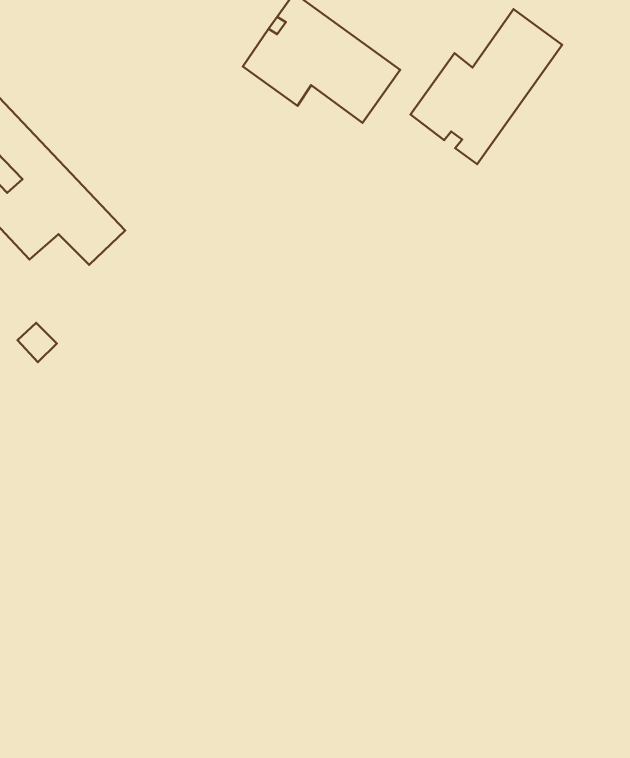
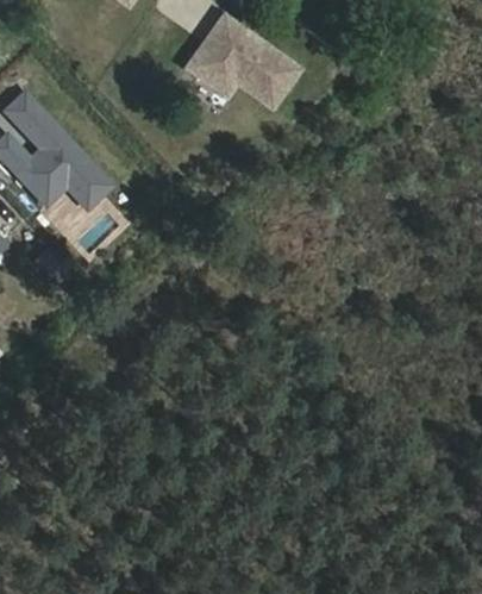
building: [411,9,562,164] -> none

